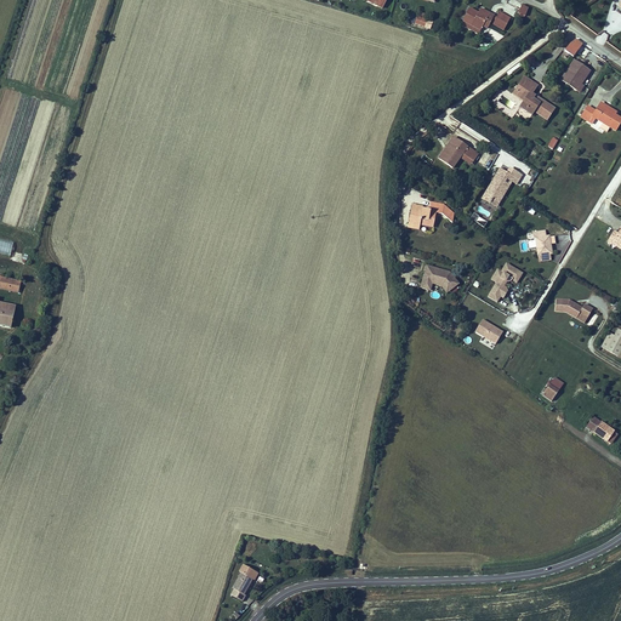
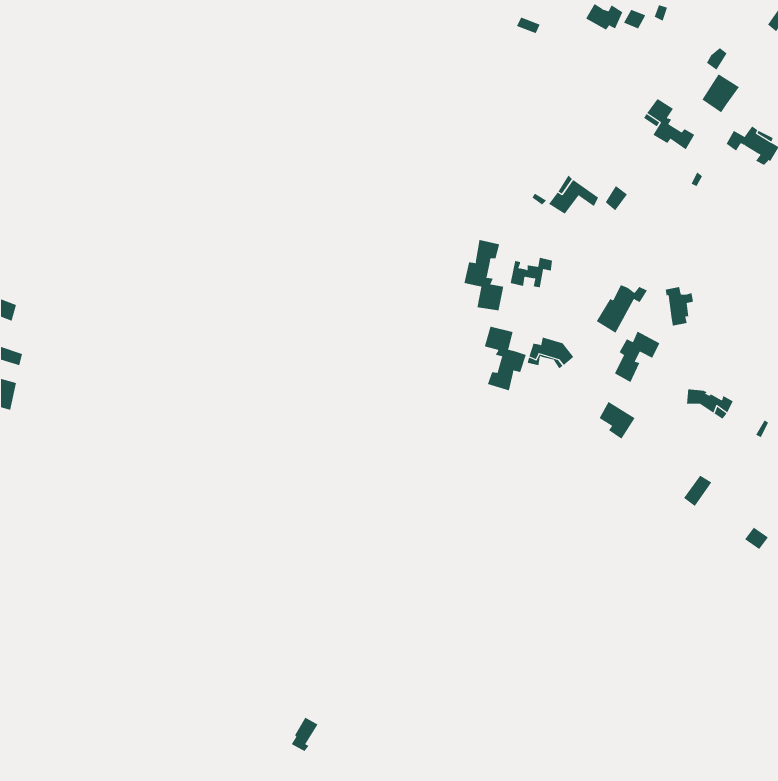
building: [479,169,520,207] -> [596,285,648,334]
building: none -> [464,239,504,311]
building: none -> [484,326,527,391]

